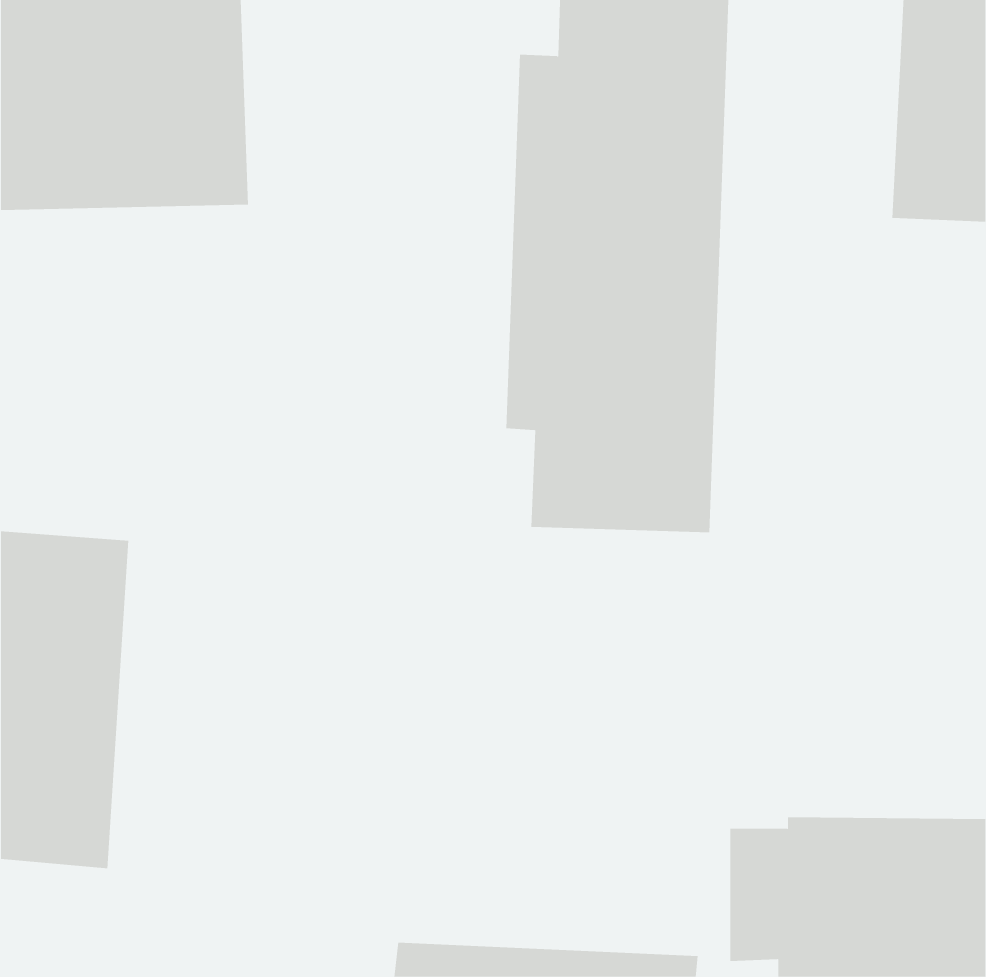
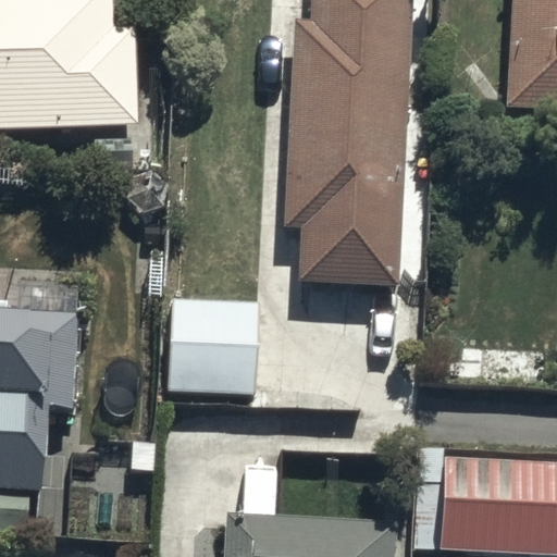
building: none -> [166,293,258,405]

